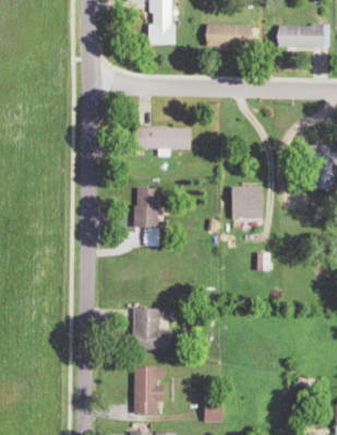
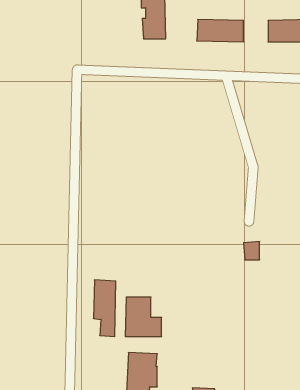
building: [139,126,192,151] -> none
building: [231,187,264,220] -> none
building: [135,189,158,247] -> [93,280,116,337]

